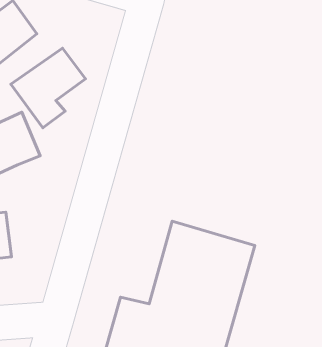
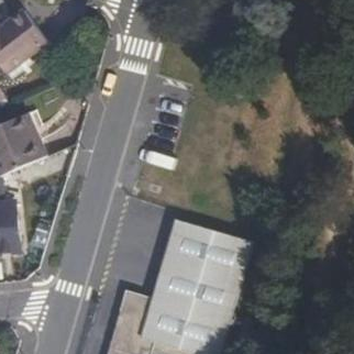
building: [11,48,85,128] -> none

